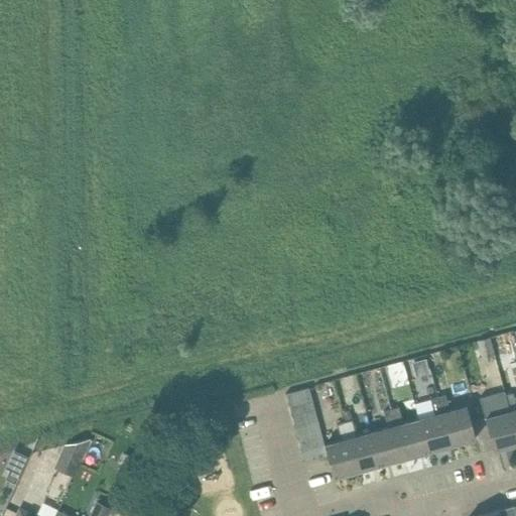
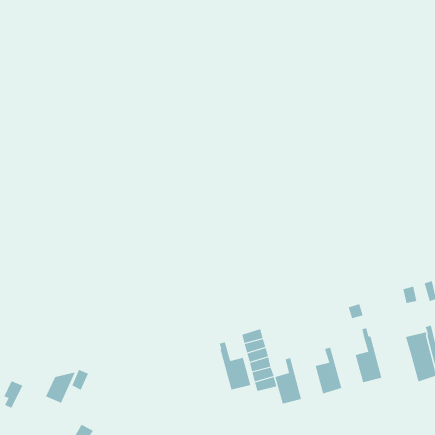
building: [439,396,477,447] -> none
building: [392,409,429,460] -> none
building: [344,415,382,473] -> [219,342,251,390]

